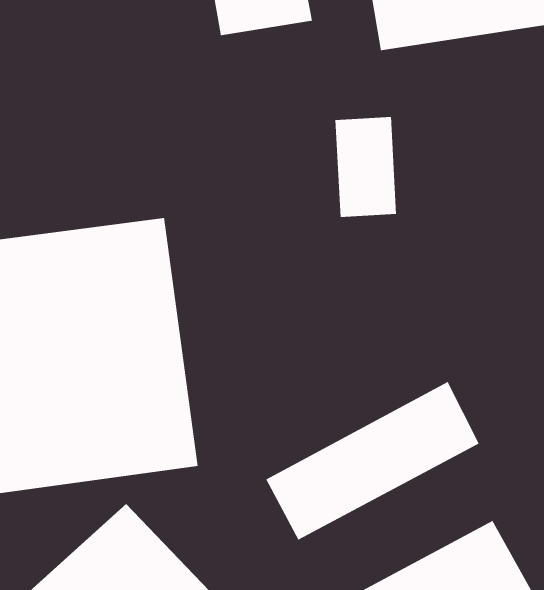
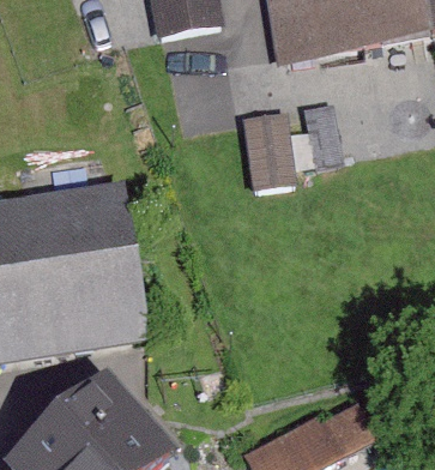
building: [265,381,479,541] -> none

